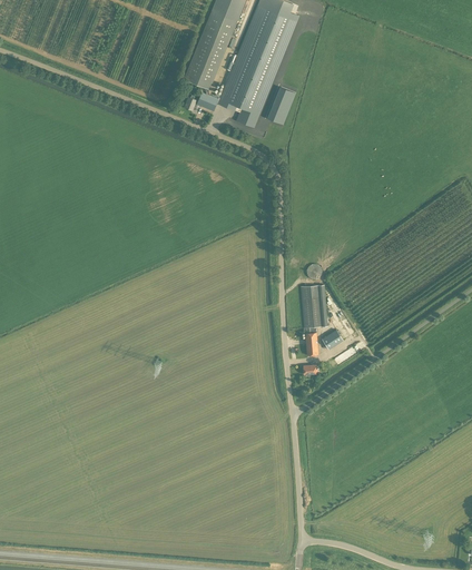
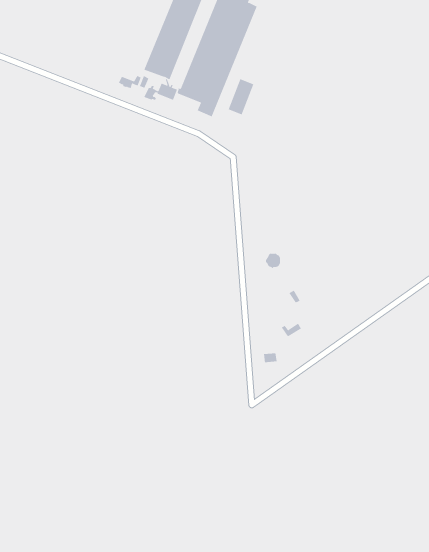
building: [301,285,327,355] -> none

